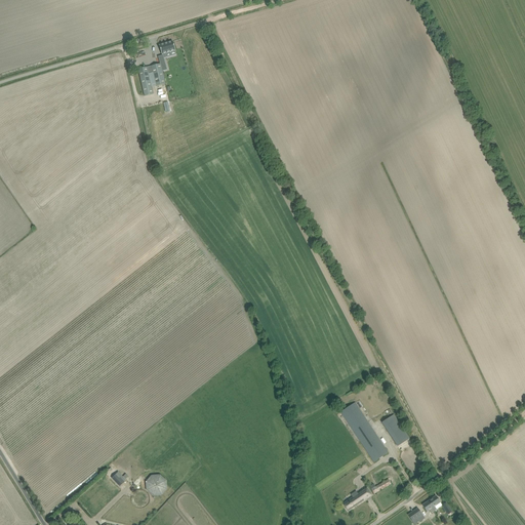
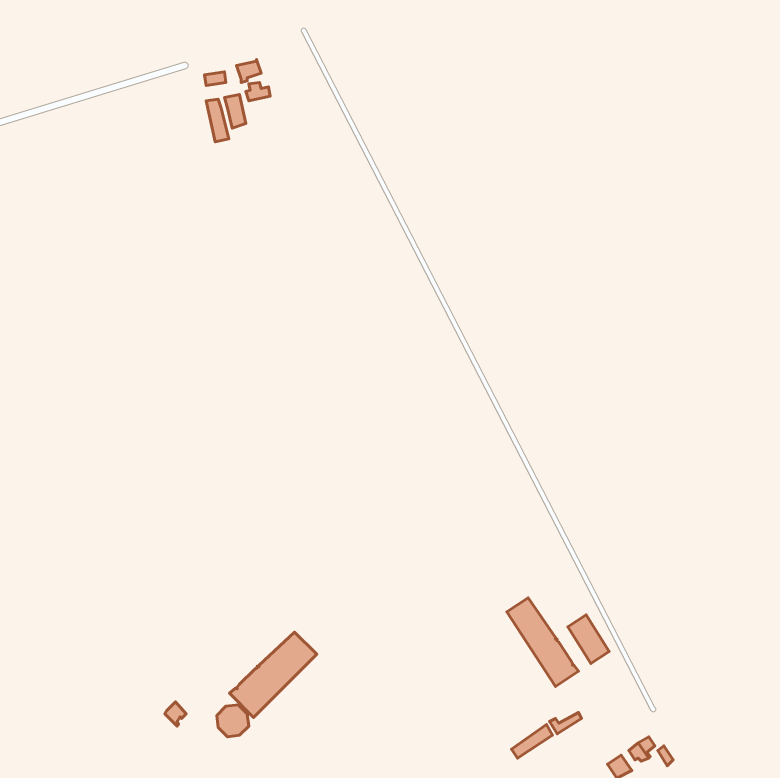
building: none -> [230,632,317,718]

